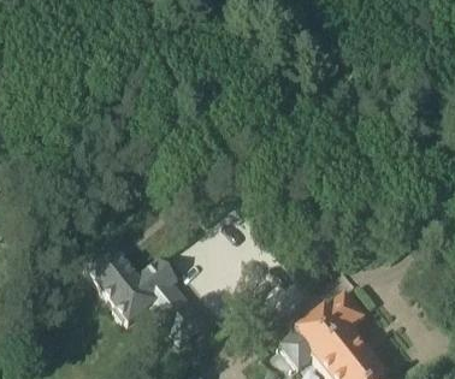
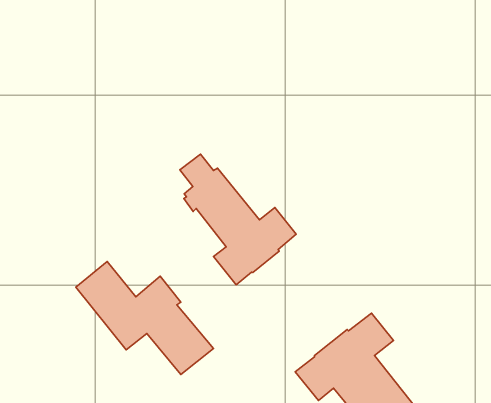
building: none -> [180,154,296,285]

